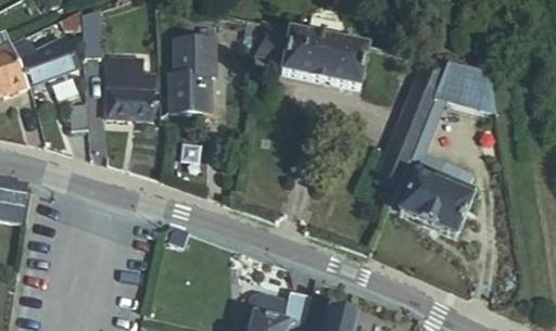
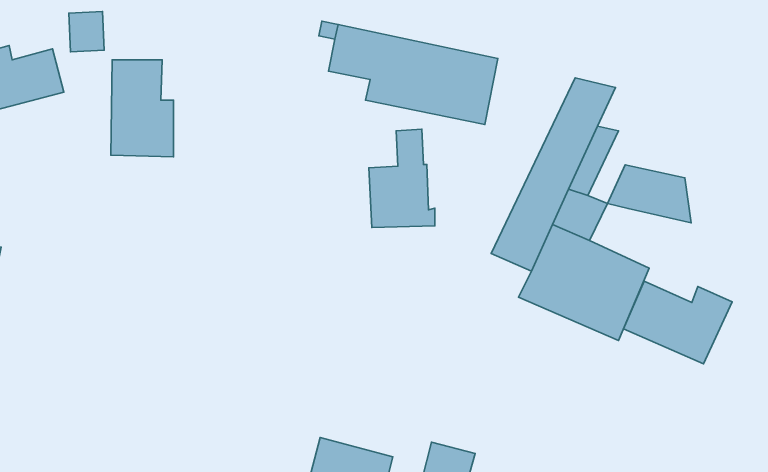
building: [172,39,216,105] -> [369,129,435,228]
building: [439,67,495,106] -> [607,165,691,223]
building: none -> [624,281,732,364]

